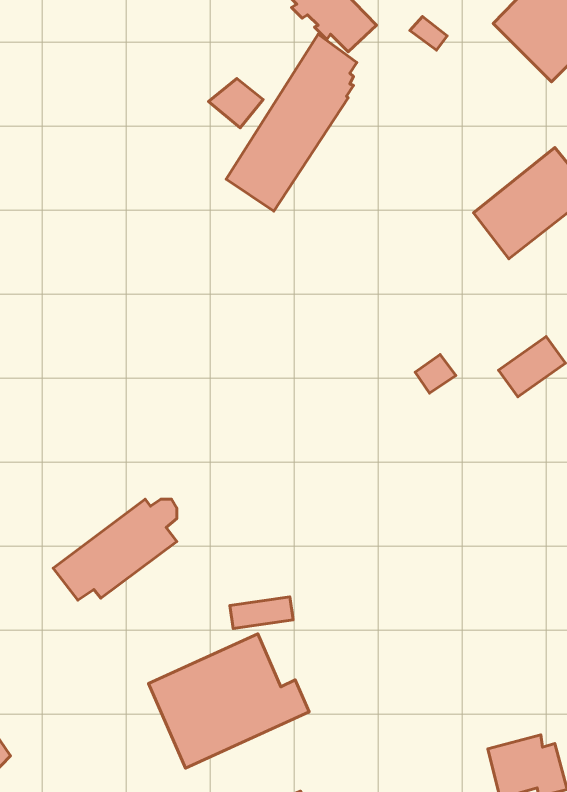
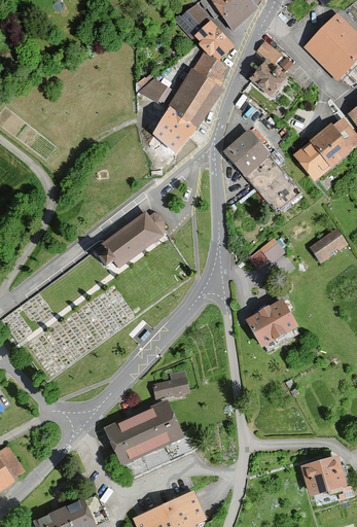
building: none -> [249,62,288,100]
building: none -> [223,130,300,213]
building: none -> [248,301,298,349]
building: [53,499,177,600] -> [91,207,163,266]

